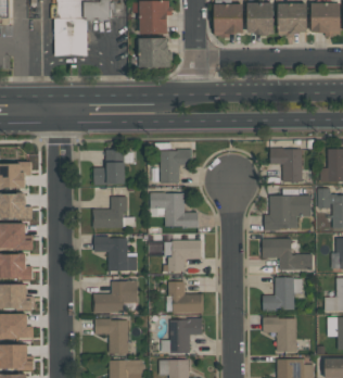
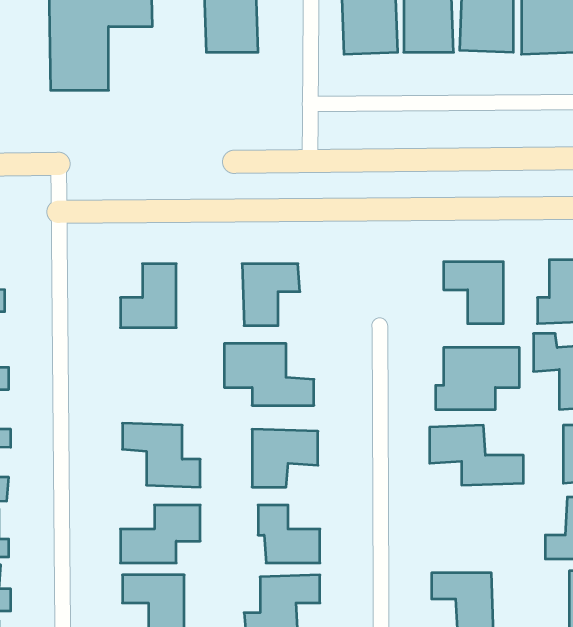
building: [140,39,168,68] -> none
building: [91,198,132,227] -> none
building: [262,278,302,311] -> none

